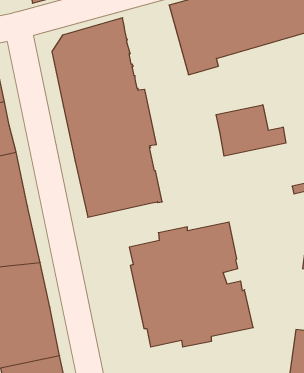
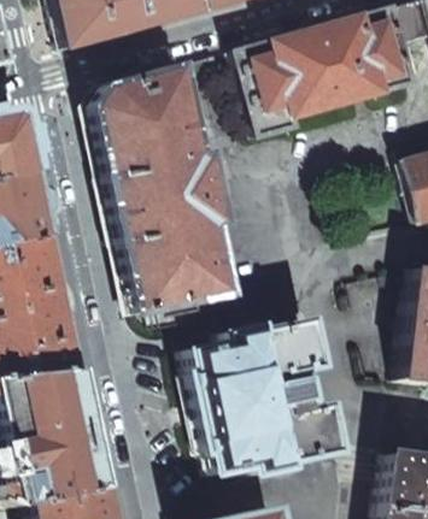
building: [216,105,286,156] -> none

